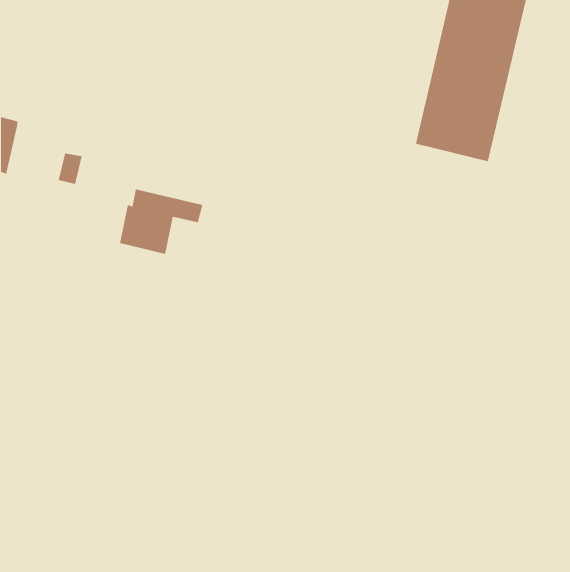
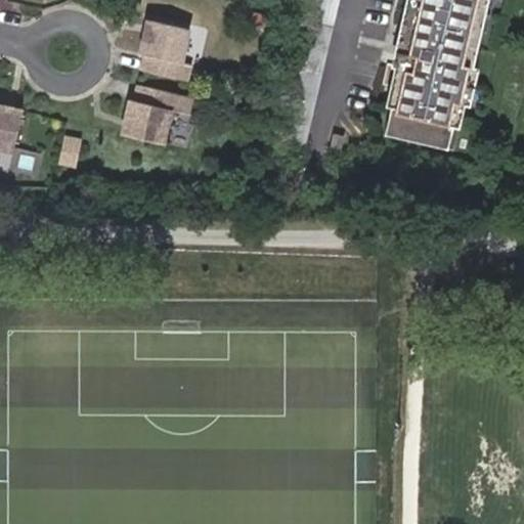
building: none -> [137,23,187,78]
building: [119,189,203,255] -> [121,85,196,144]

